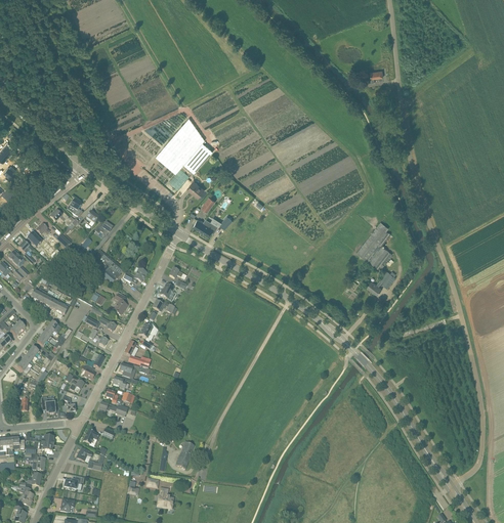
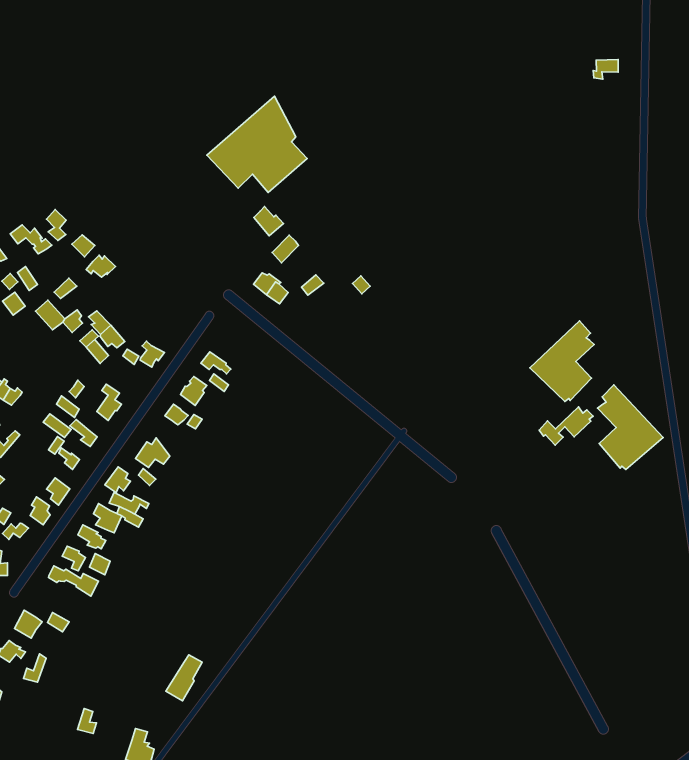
building: none -> [598,385,663,470]

